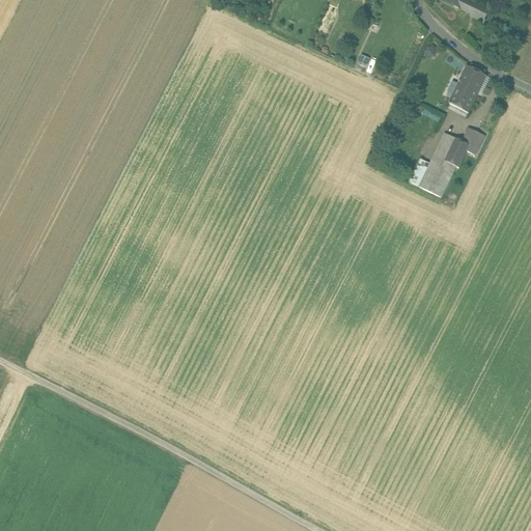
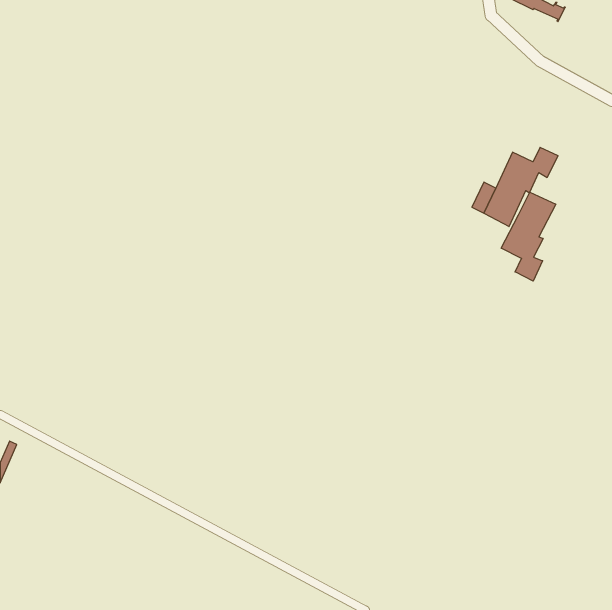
building: [448,64,486,112] -> none
building: none -> [501,192,556,281]

